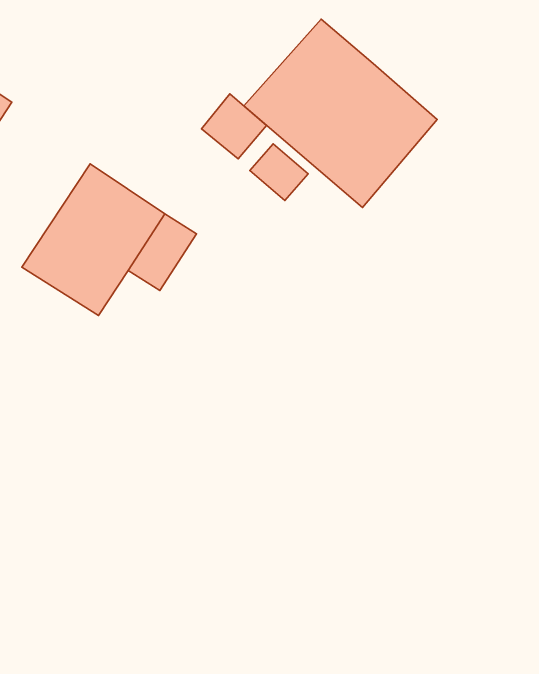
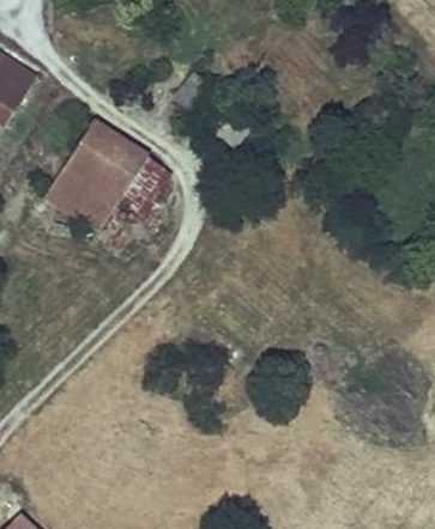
building: [244,19,437,207] -> none

